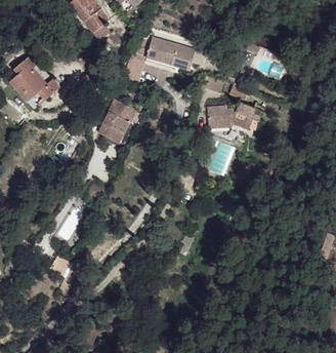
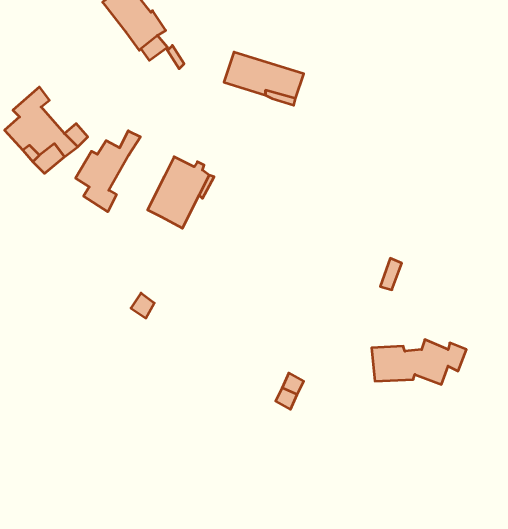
building: none -> [76,131,140,212]
building: [206,102,264,129] -> [372,340,466,384]

